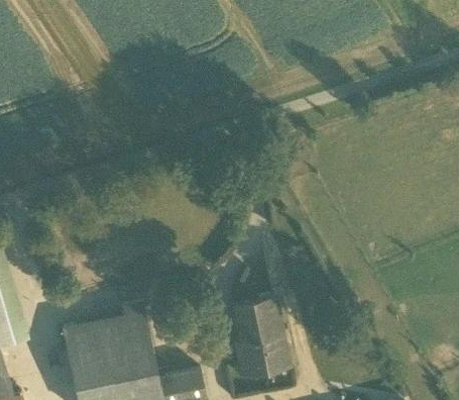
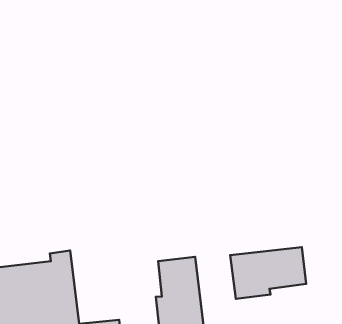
building: none -> [230,247,306,299]

